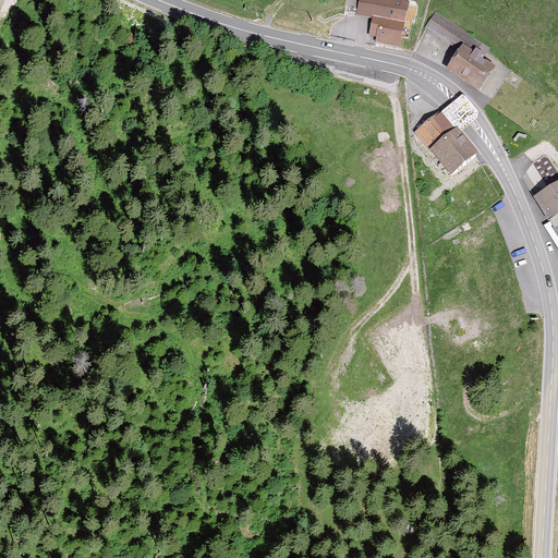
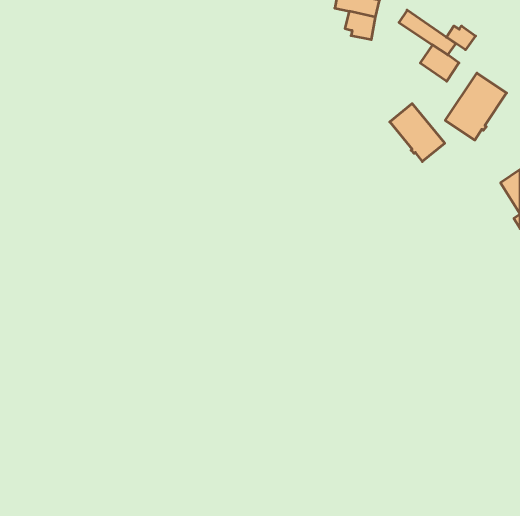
building: none -> [446,26,476,50]
building: none -> [445,73,507,140]

